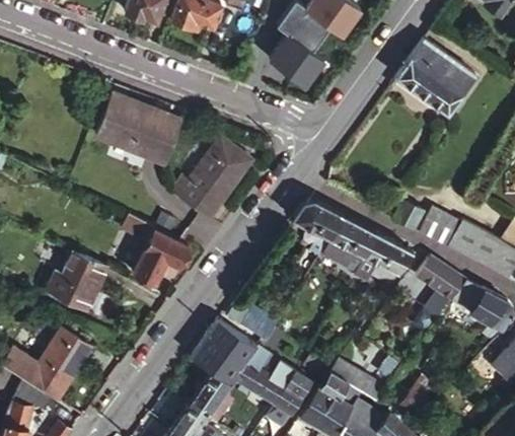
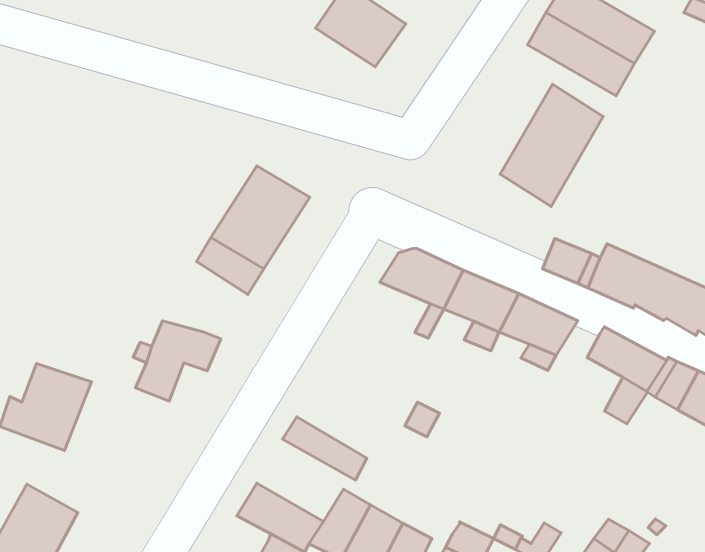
building: [96,96,180,163] -> none
building: none -> [500,84,603,206]
building: [205,319,259,366] -> none

